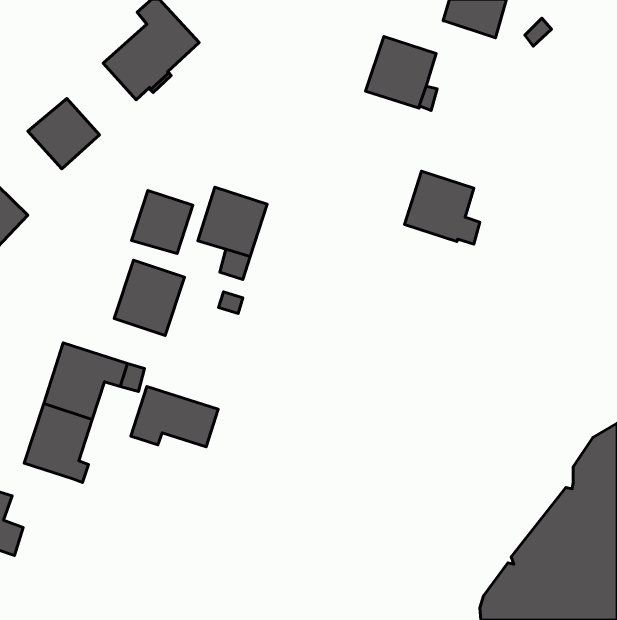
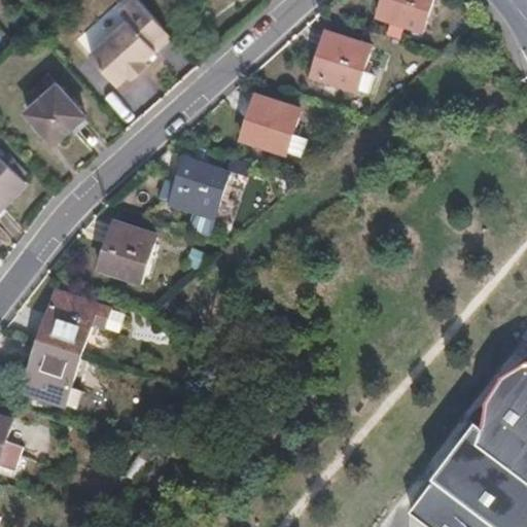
building: [405,171,480,244] -> [240,95,304,156]
building: [132,190,193,253] -> none
building: [131,386,218,447] -> none

